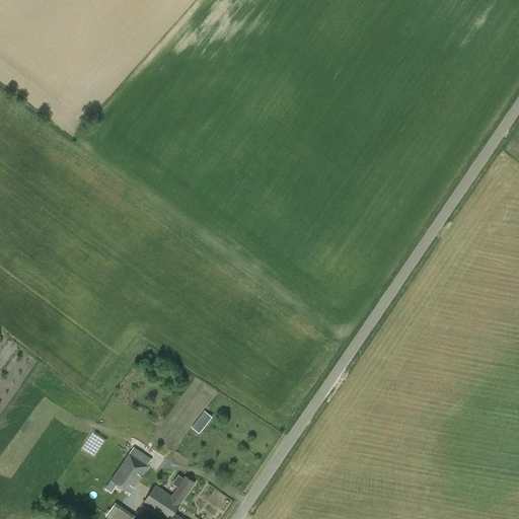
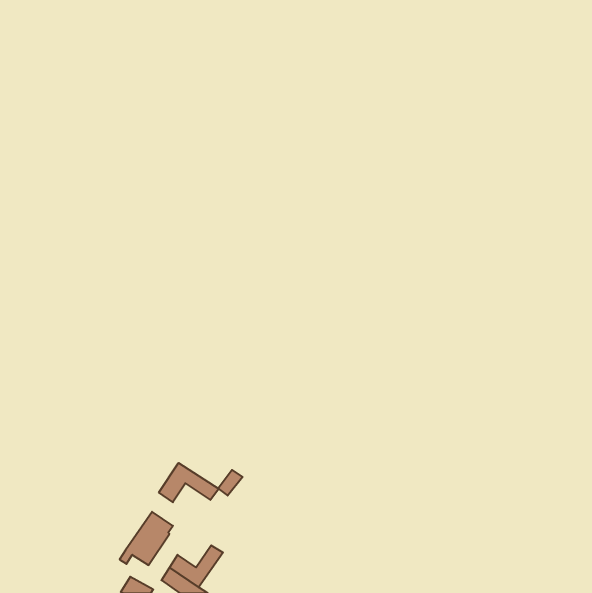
building: none -> [159,463,219,502]

